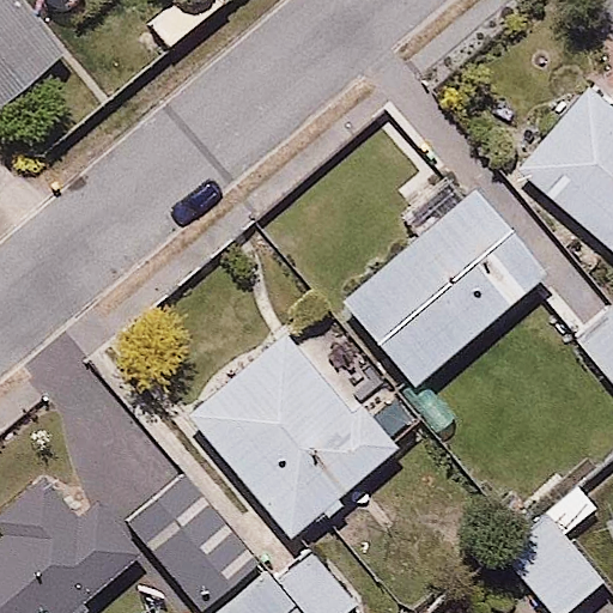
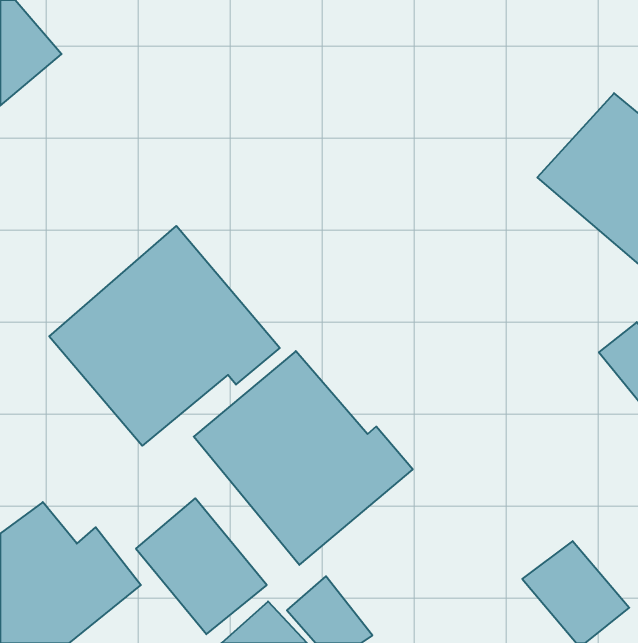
building: [342,190,545,388] -> none
building: none -> [49,226,280,446]

